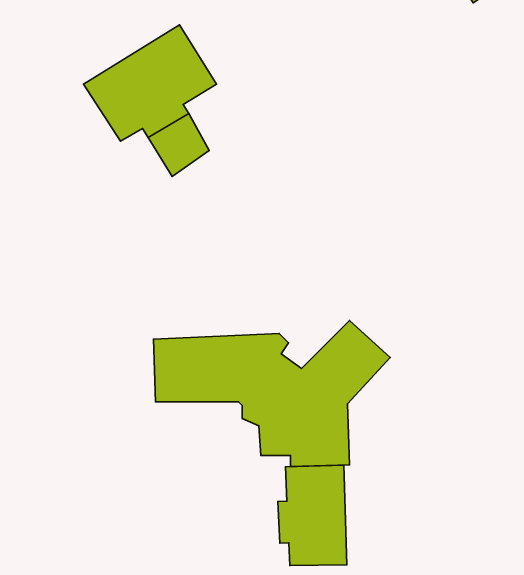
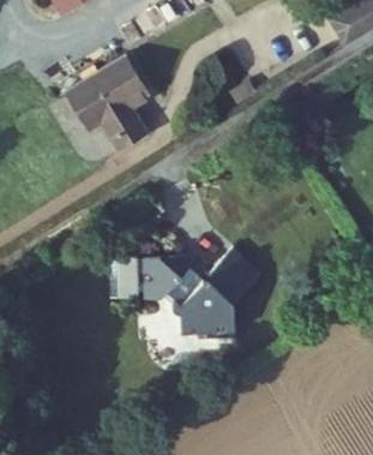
building: [278,465,347,565] -> none

